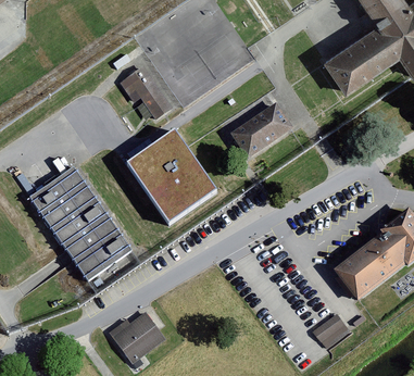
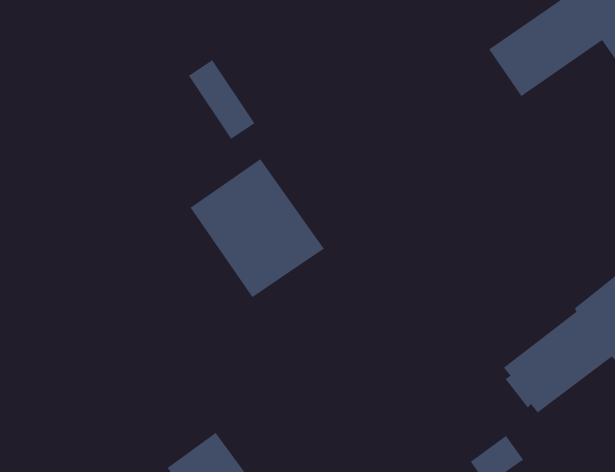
building: [231,105,292,161] -> none
building: [32,170,130,280] -> none

